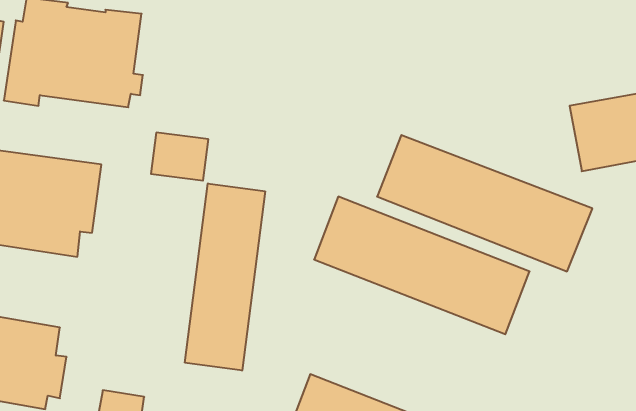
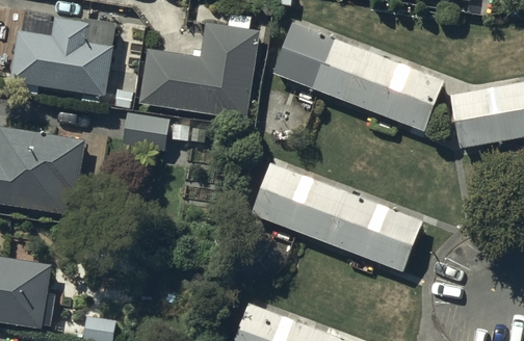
building: none -> [140,22,257,116]
building: [377,135,592,271] -> [273,22,441,128]
building: [185,183,265,371] -> none

